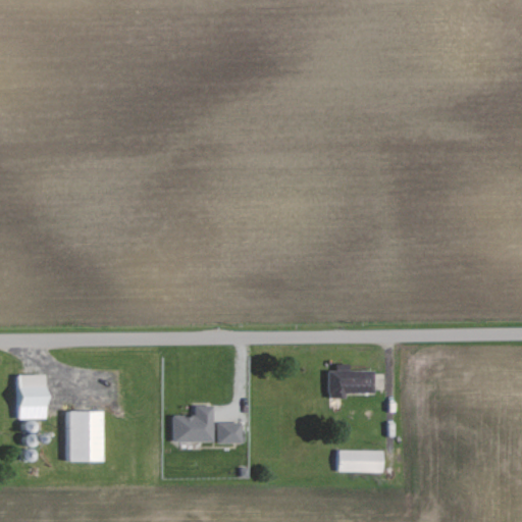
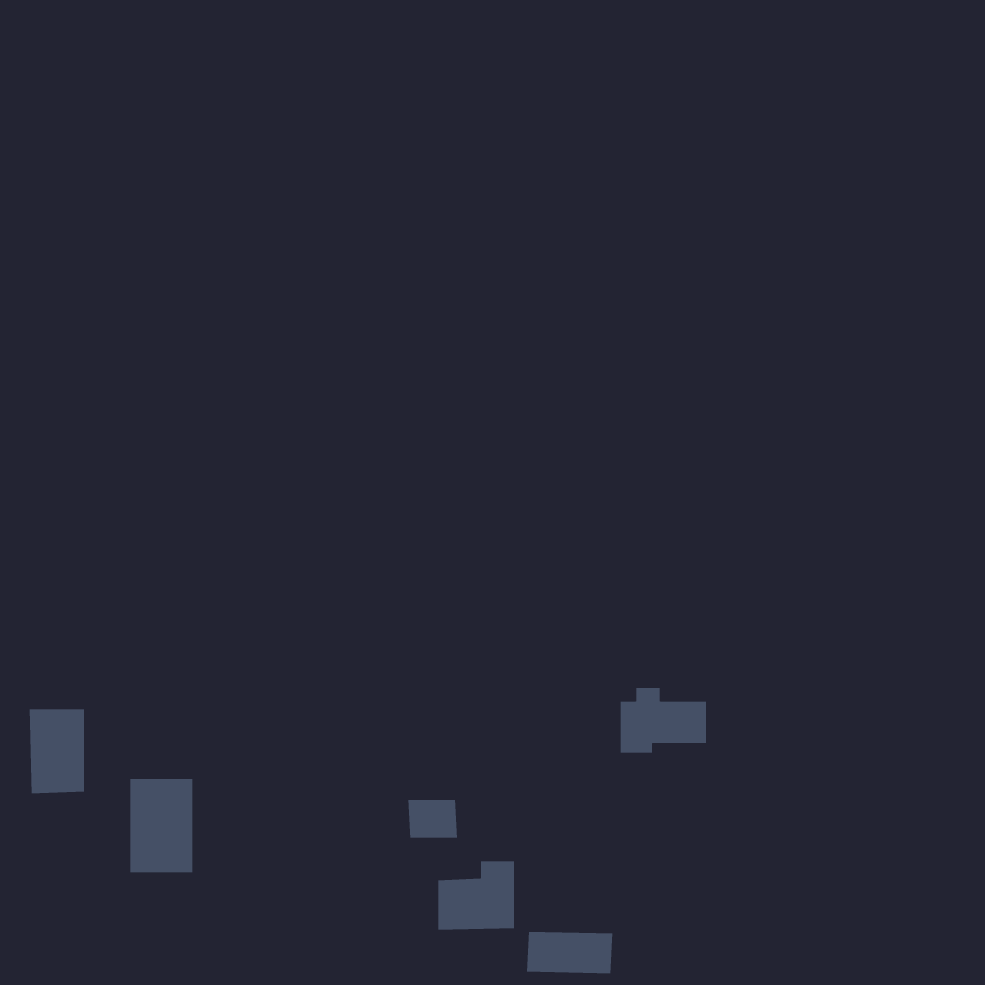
building: [172,406,213,442] -> [438,861,515,930]
building: [337,451,383,473] -> [526,931,613,974]

